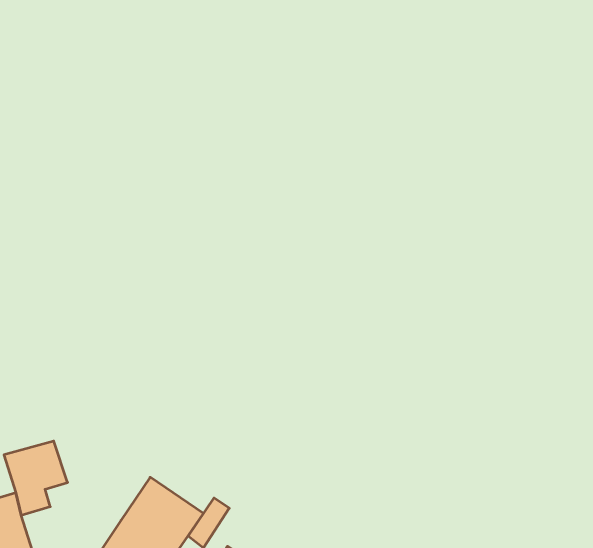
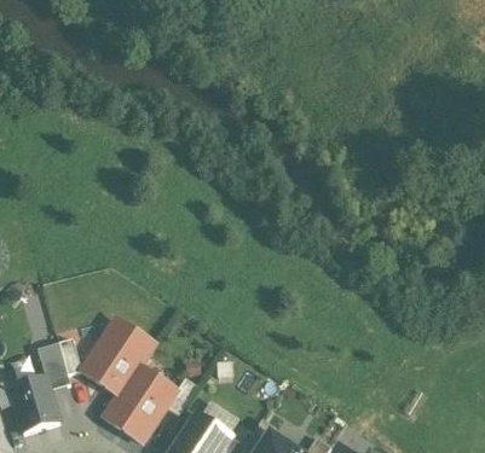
building: none -> [82,319,152,394]

